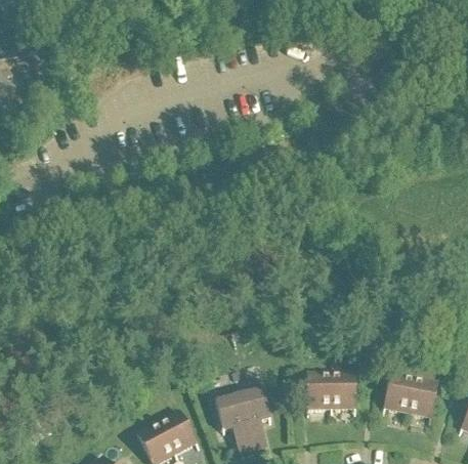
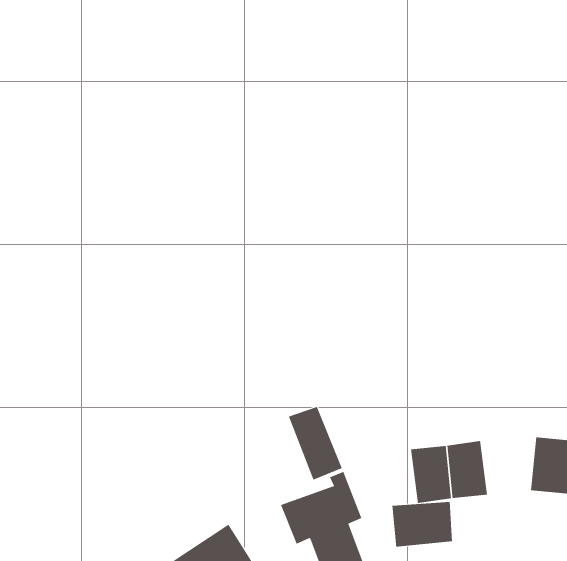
building: none -> [288,406,343,481]
building: none -> [392,501,452,548]

